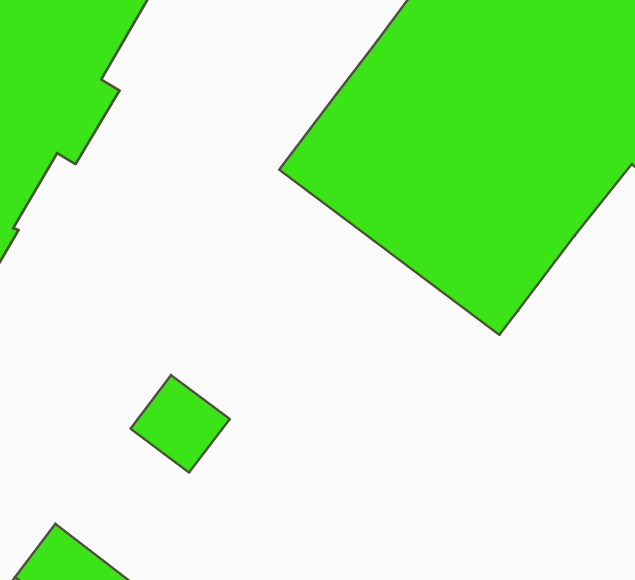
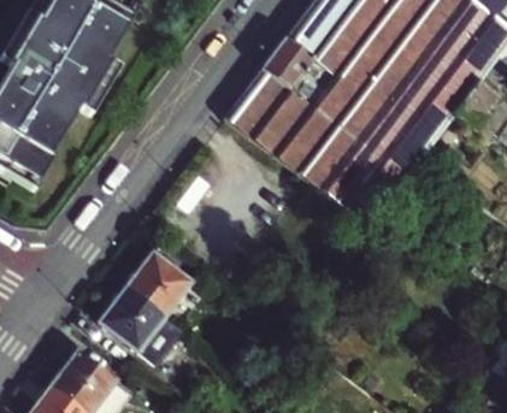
building: none -> [101,288,183,365]

